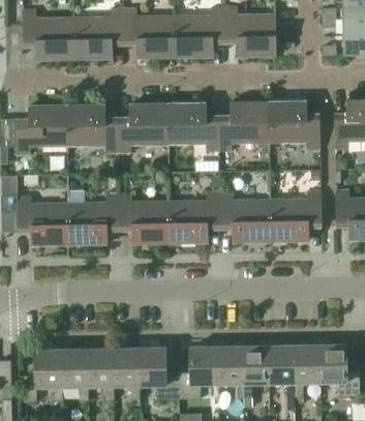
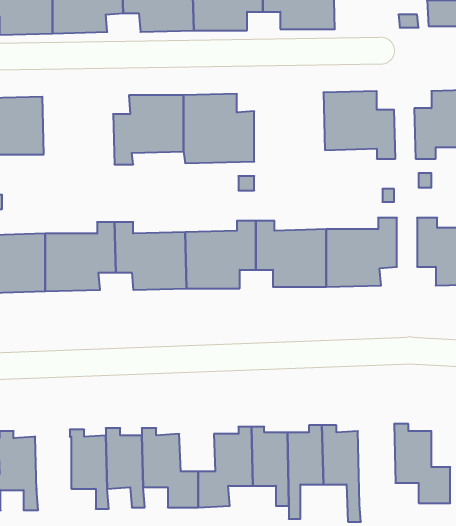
building: [218,101,269,151] -> none
building: [66,103,118,153] -> none
building: [293,339,320,397] -> none
building: [60,343,88,400] -> none

